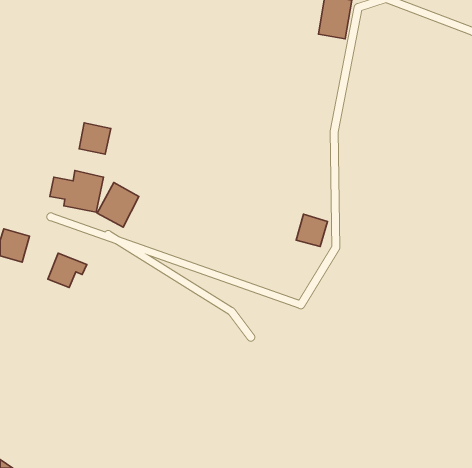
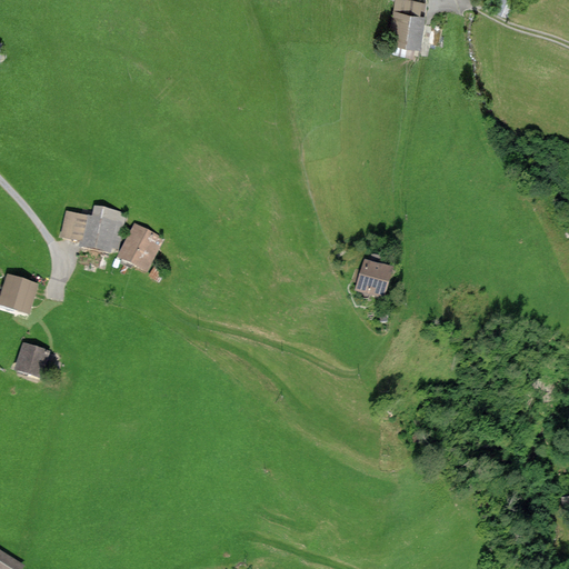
building: [79,123,111,154] -> none
building: [48,253,87,288] -> [9,340,56,381]

